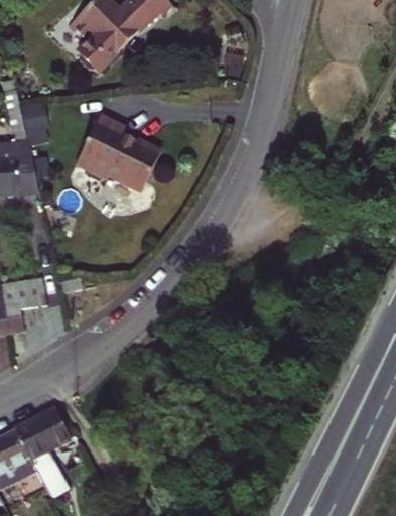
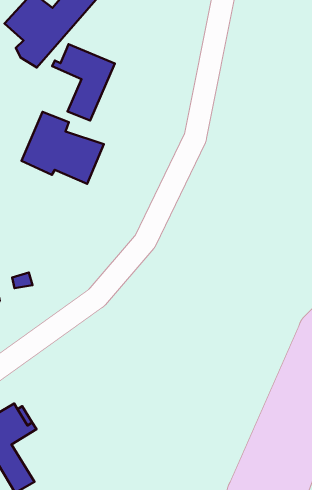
building: none -> [52,44,115,121]

